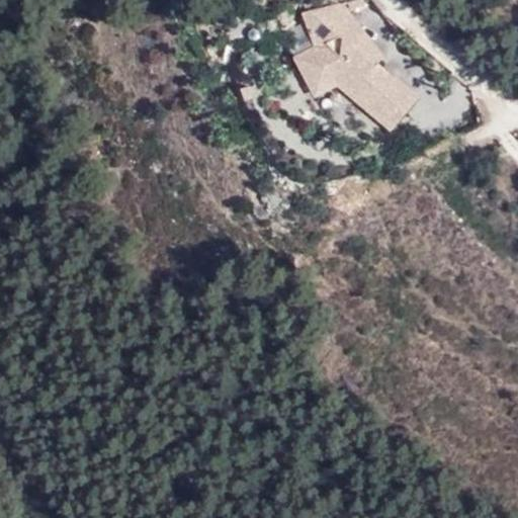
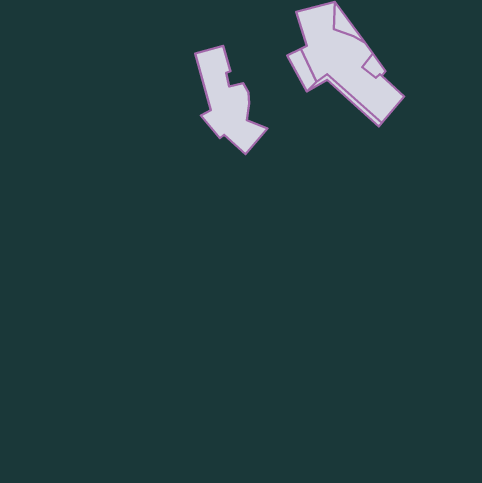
building: none -> [195,46,267,154]

